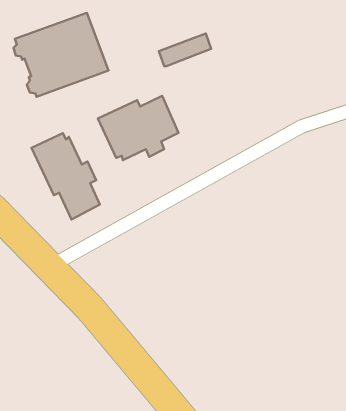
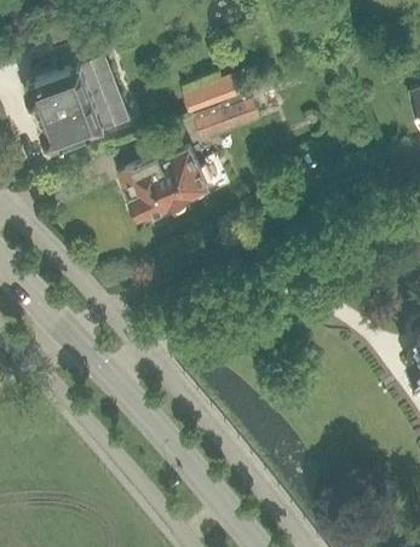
building: none -> [192,93,260,142]
building: [32,133,100,220] -> none

